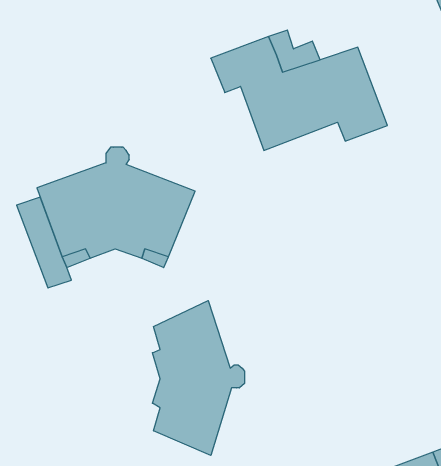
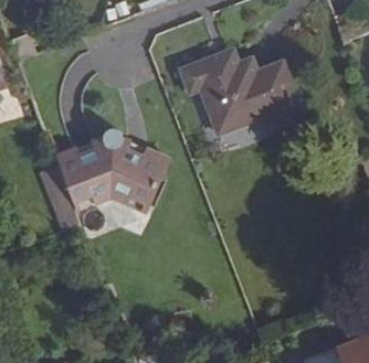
building: [152,301,245,455] -> none

